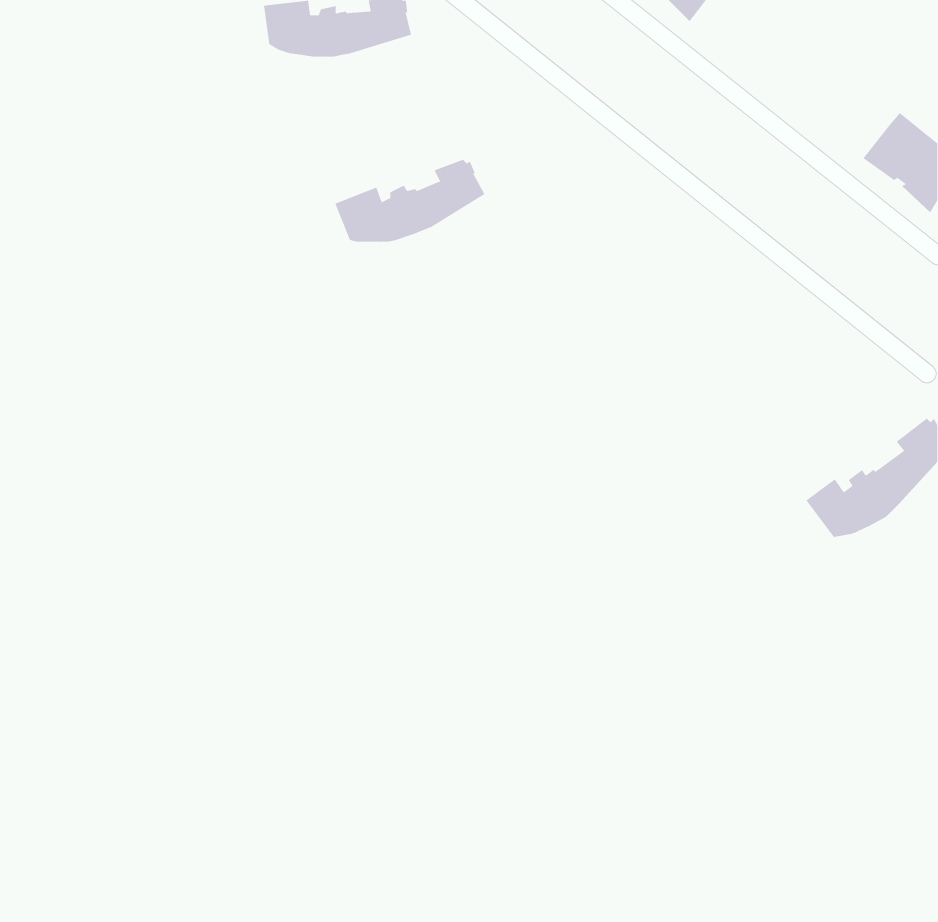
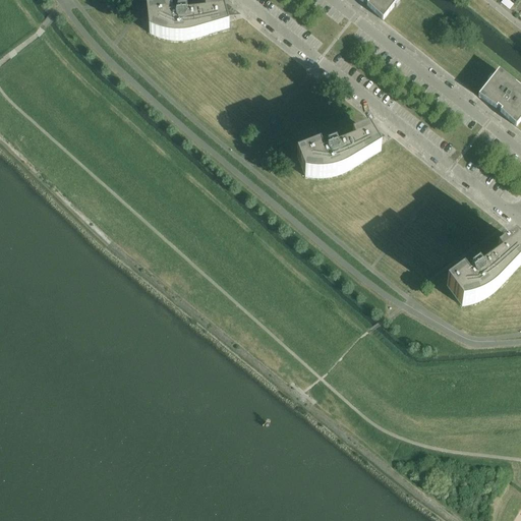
building: [334,159,485,242] -> [296,123,380,169]

